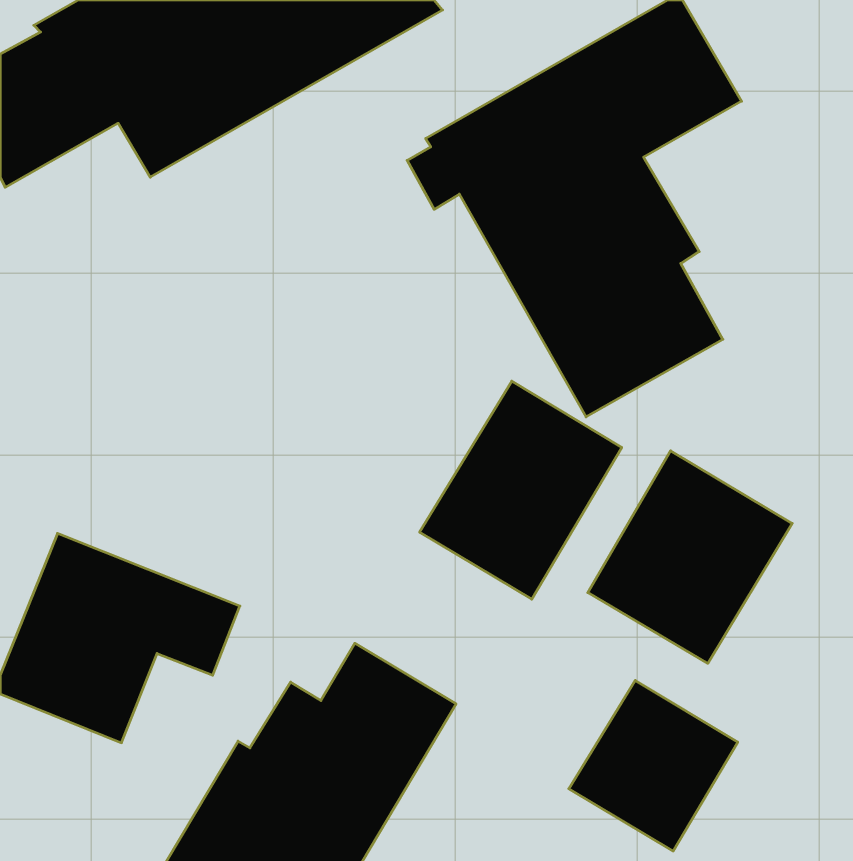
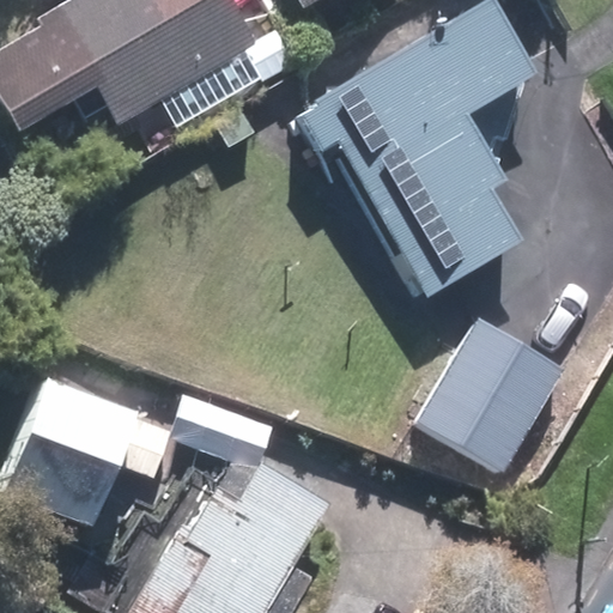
building: [420,381,622,599] -> none
building: [569,680,738,851] -> none

